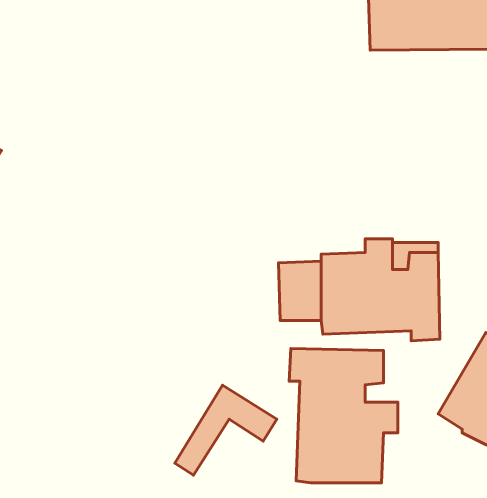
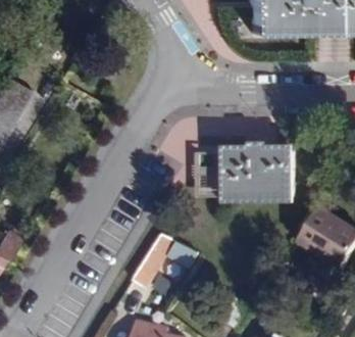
building: [289,348,398,483] -> none

